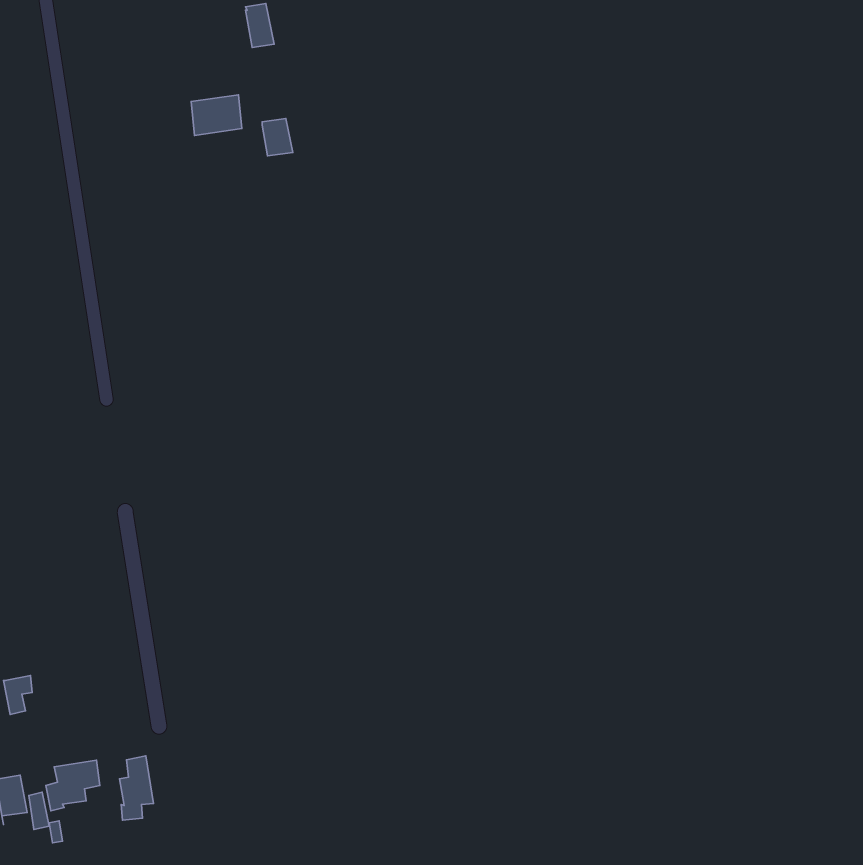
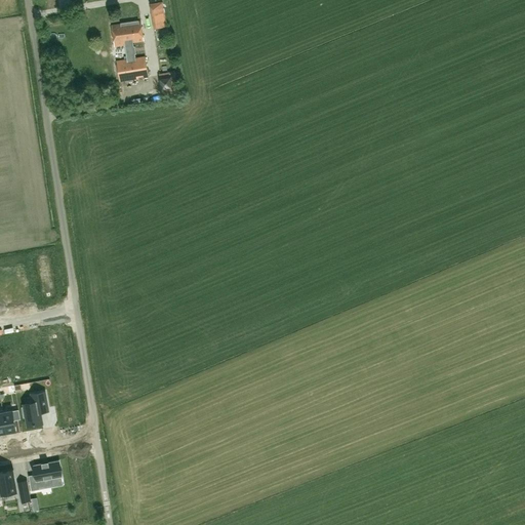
building: none -> [111,22,142,47]
building: none -> [21,392,47,426]
building: [119,756,153,820] -> none

